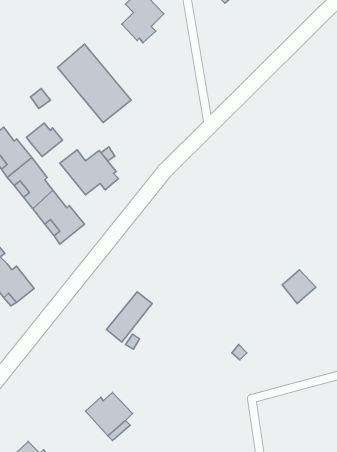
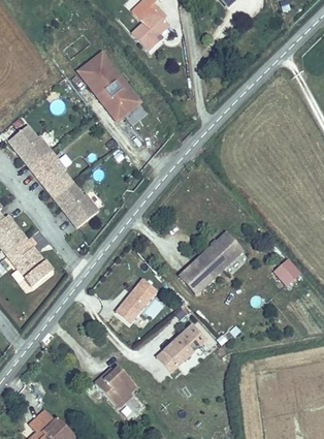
building: [26,123,62,157] -> none
building: [60,150,118,195] -> none
building: none -> [183,229,246,290]
building: none -> [158,319,207,368]

